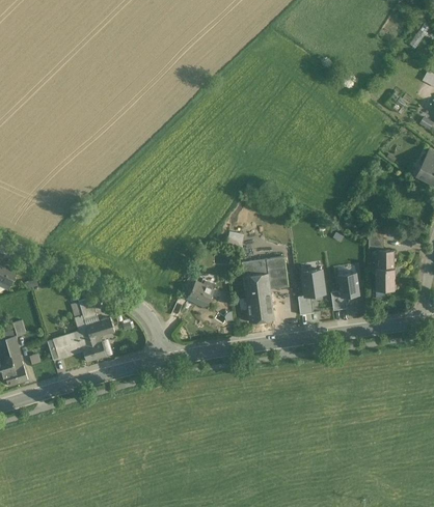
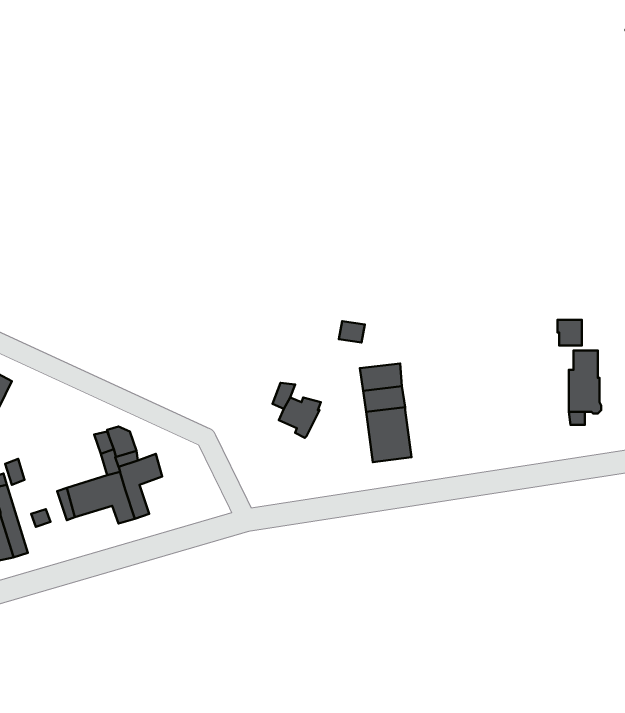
building: [266,257,287,289] -> none
building: [298,269,328,315] -> none
building: [332,273,357,309] -> none

